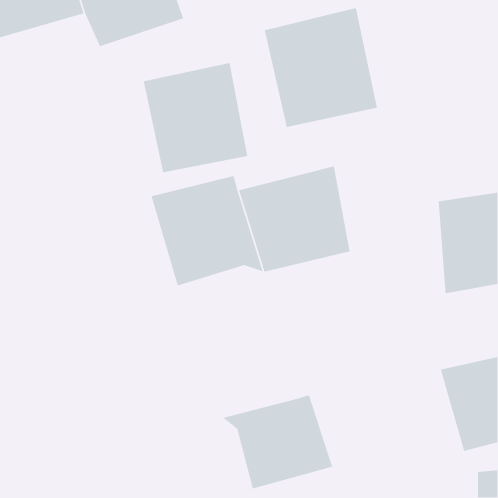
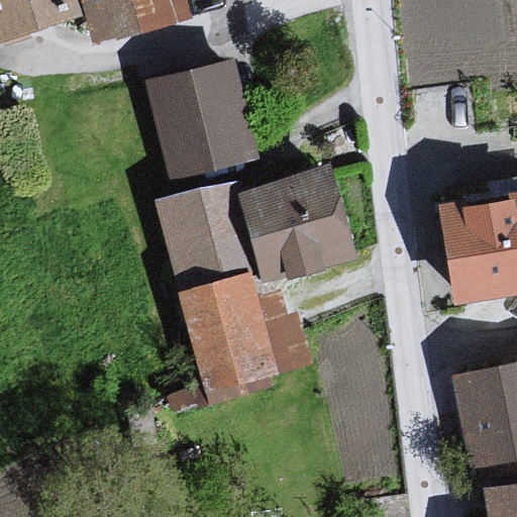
building: [264,7,378,128] -> none
building: none -> [182,273,307,389]
building: [222,394,333,489] -> none

